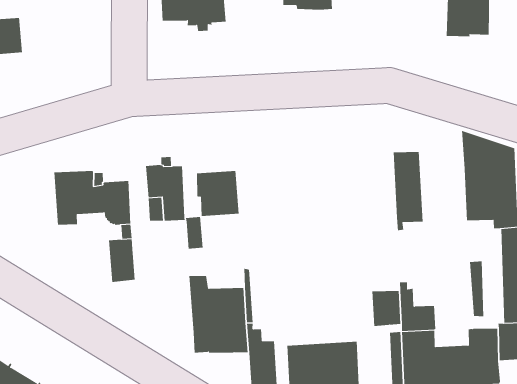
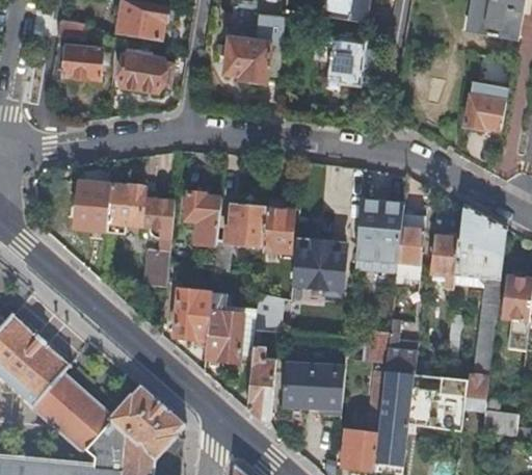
building: none -> [119,47,172,91]
building: none -> [353,201,404,271]
building: none -> [263,200,293,252]
building: none -> [433,237,460,288]
building: none -> [73,182,110,231]
building: none -> [292,241,345,296]
building: none -> [174,289,211,341]

